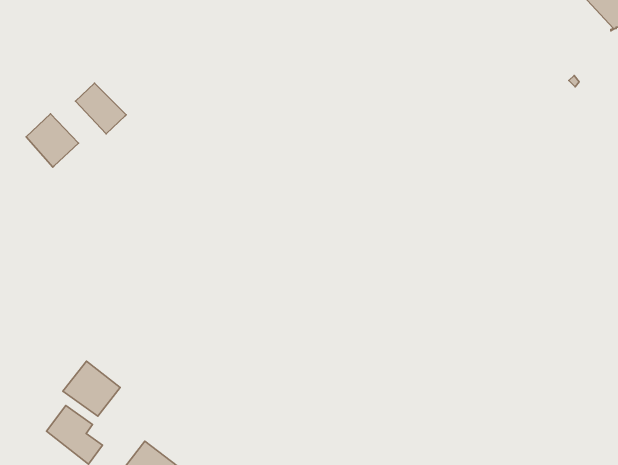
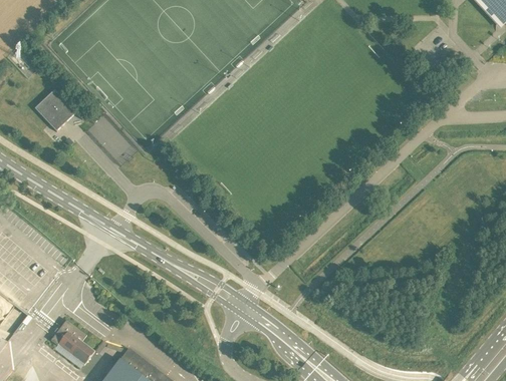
building: [76,83,126,134] -> none
building: [63,361,120,416] -> none

